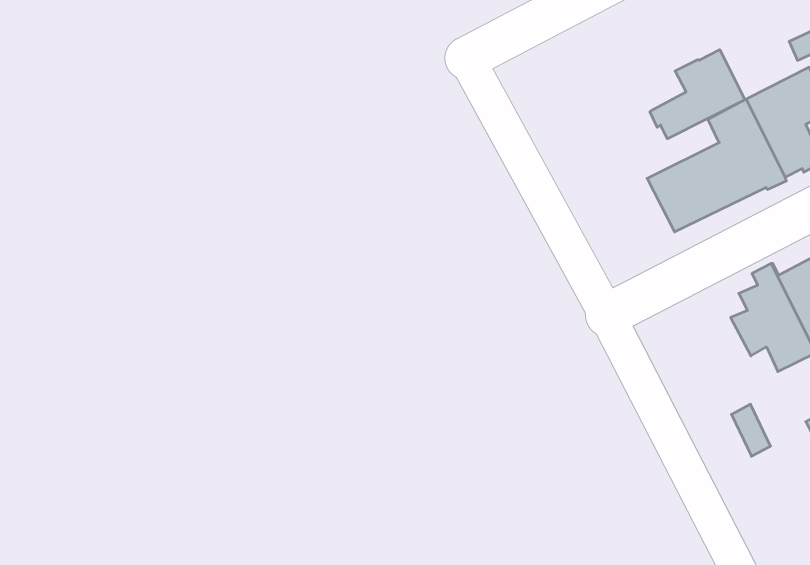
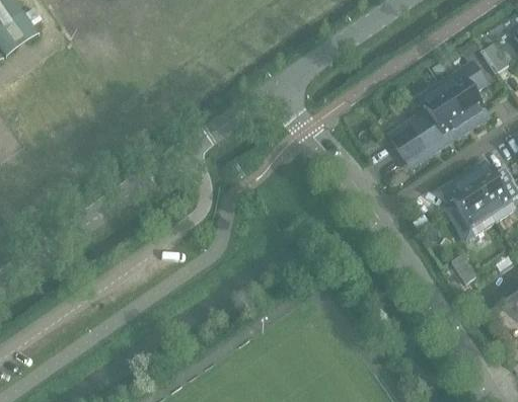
building: [650,50,745,139] -> none

